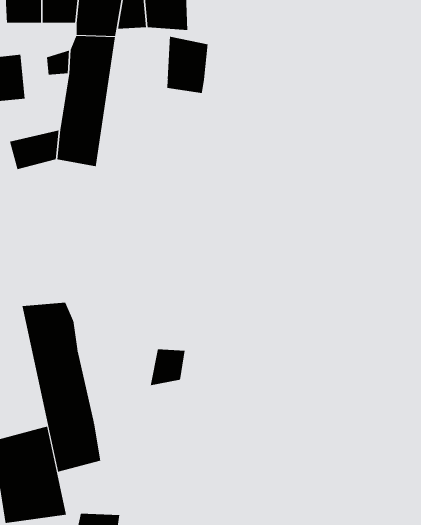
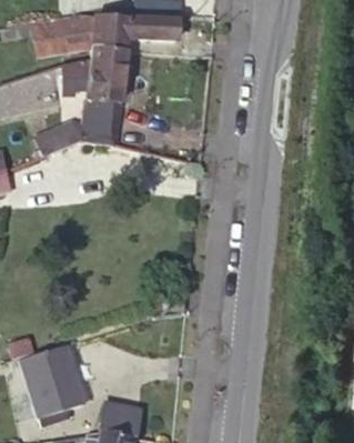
building: [167,36,208,94] -> none
building: [22,302,101,472] -> none

